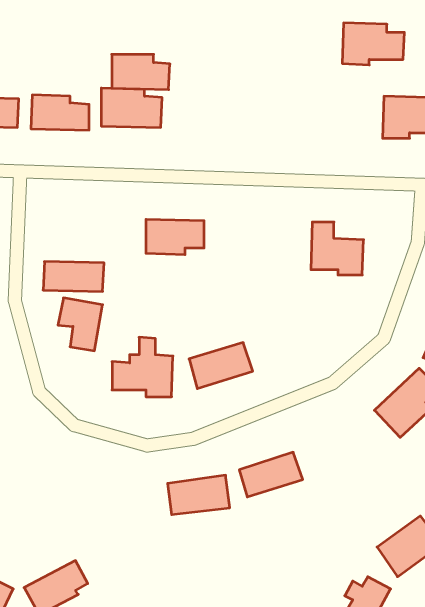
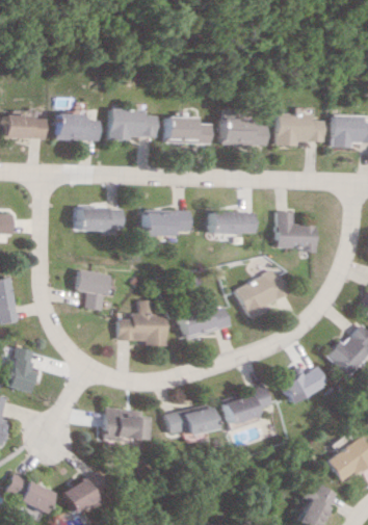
building: [342,23,404,65] -> [275,114,323,147]
building: [112,54,170,90] -> [168,117,213,145]
building: none -> [222,119,267,147]
building: none -> [211,212,256,235]
building: [43,262,104,291] -> [83,208,130,231]
building: none -> [234,270,287,319]
building: none -> [277,364,323,403]
building: none -> [104,410,148,440]

